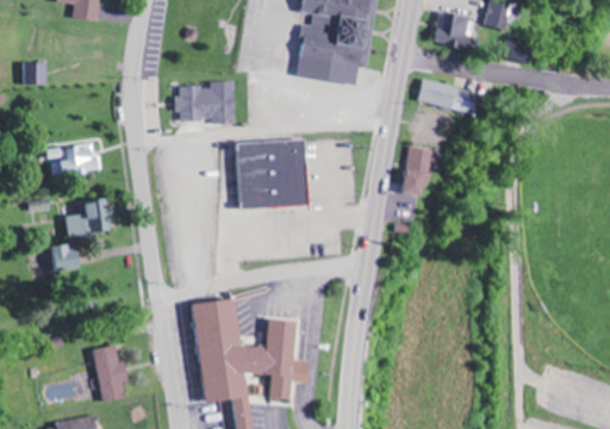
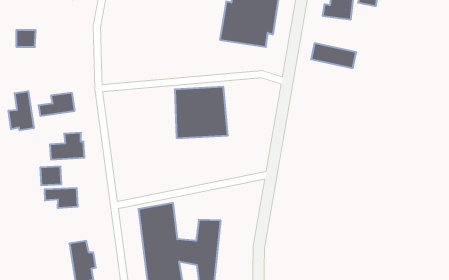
building: [178,81,236,124] -> none
building: none -> [8,91,34,130]
building: [404,147,432,195] -> none
building: none -> [45,188,77,208]

